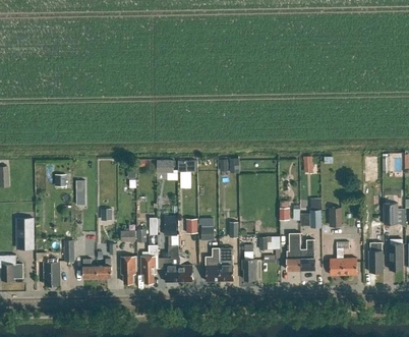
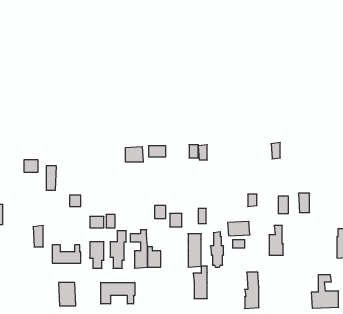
building: [287,234,301,271] -> [245,272,259,309]
building: [330,242,357,276] -> [311,275,339,308]
building: [206,249,220,282] -> [193,266,207,299]
building: [44,262,61,285] -> [59,283,76,306]
building: none -> [101,282,135,304]

